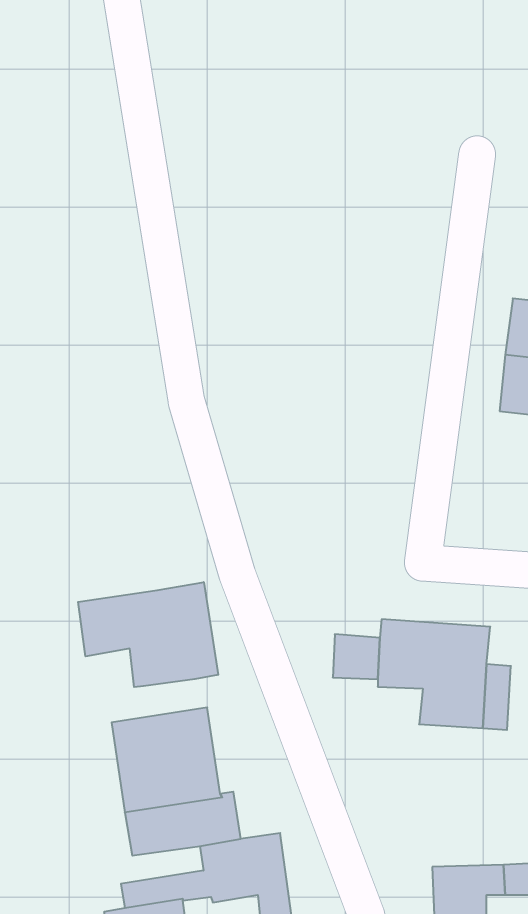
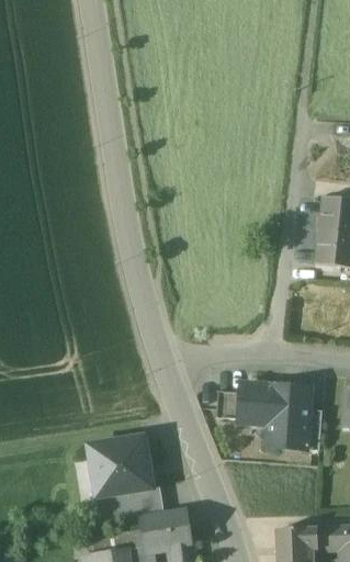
building: [78,582,218,687] -> none

